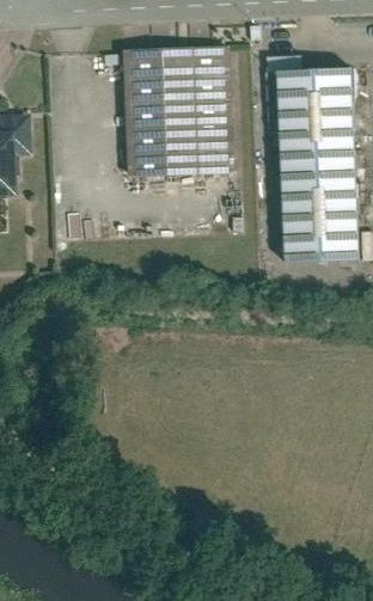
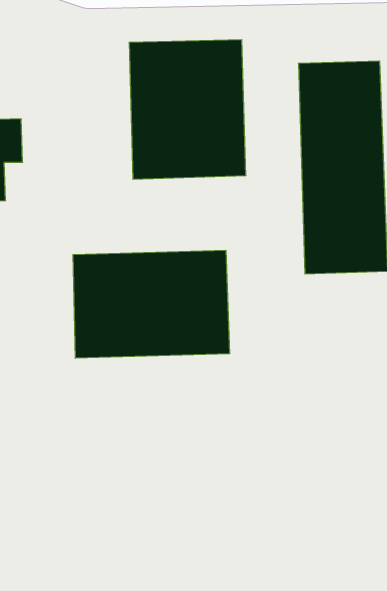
building: none -> [73,250,229,358]

